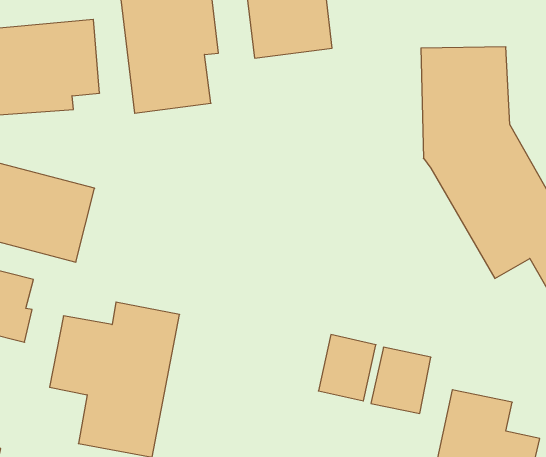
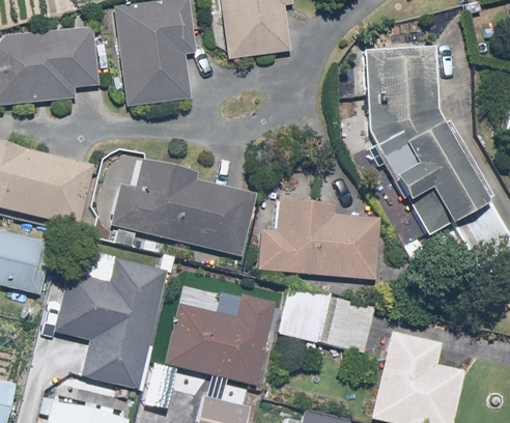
building: none -> [112,158,258,257]
building: none -> [258,201,376,277]
building: none -> [164,294,274,382]

